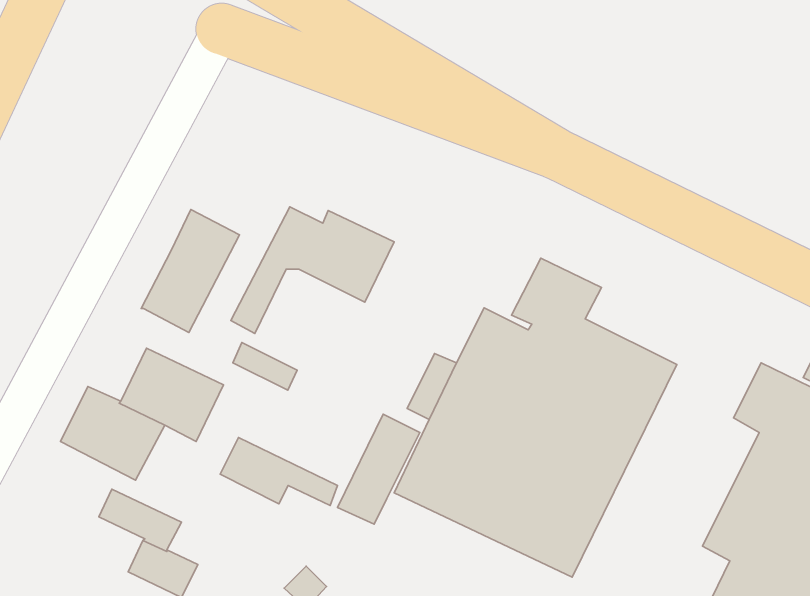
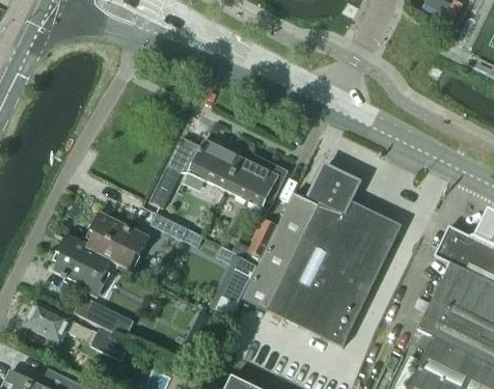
building: [141,209,239,332] -> none
building: none -> [225,155,287,211]
building: [220,438,338,506] -> [26,303,92,341]

